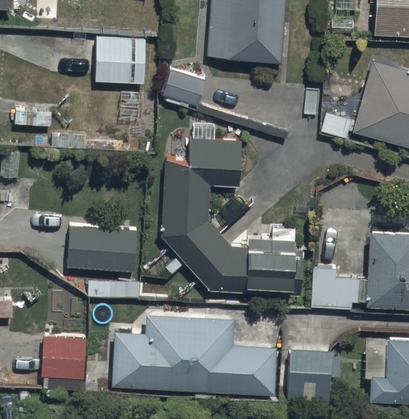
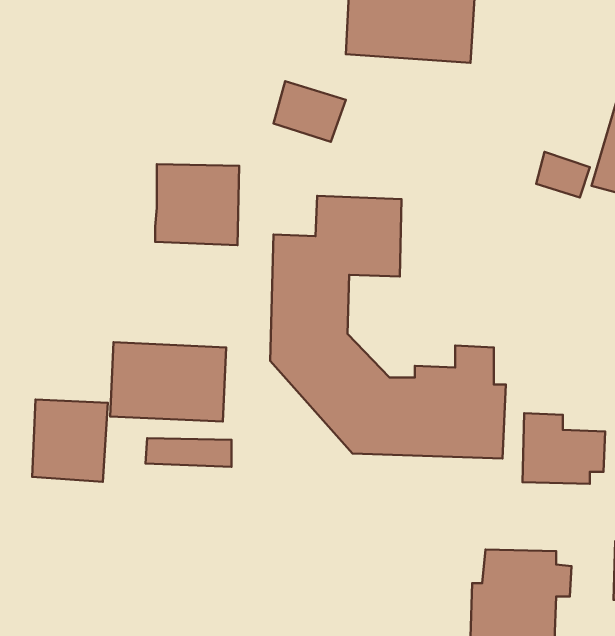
building: [95,37,145,85] -> [155,164,239,245]
building: [112,316,277,395] -> none
building: [42,334,87,383] -> [32,399,108,482]

